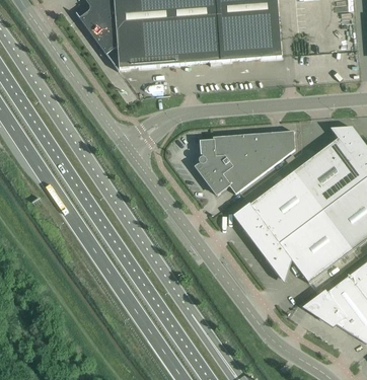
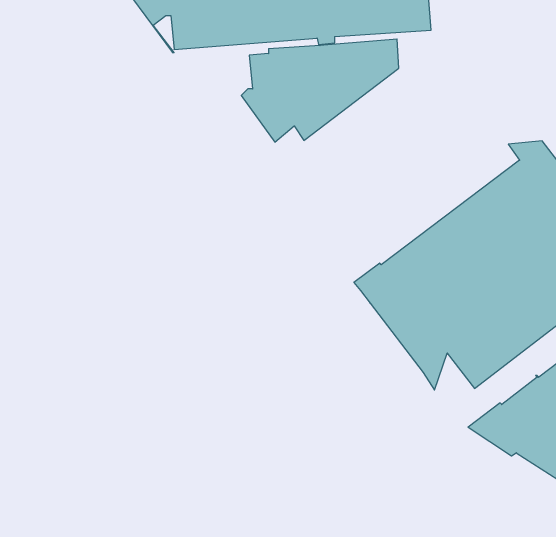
building: [196,130,295,195] -> [241,39,399,142]

